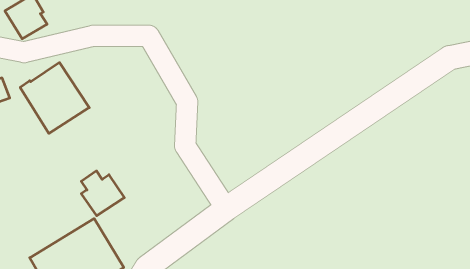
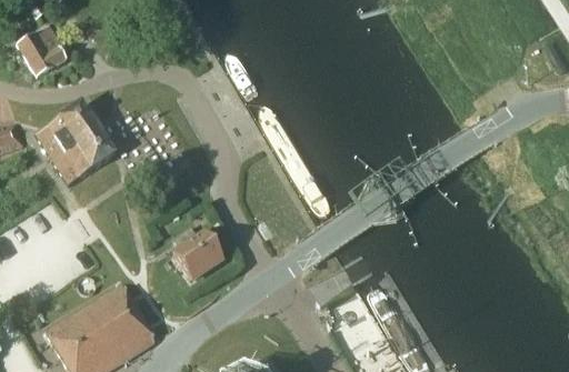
building: [81,171,124,216] -> [173,227,223,279]

